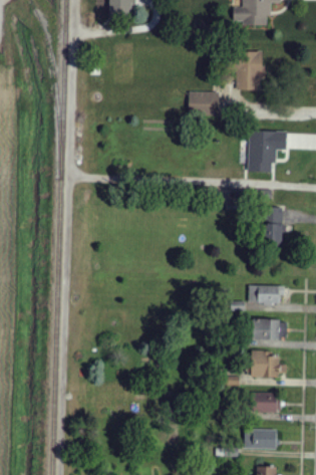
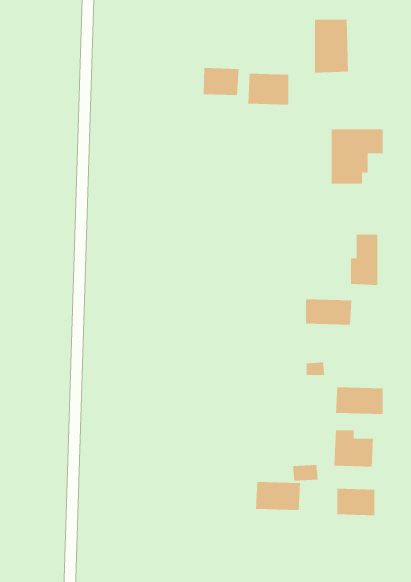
building: none -> [203,67,239,96]
building: [249,285,283,304] -> [305,299,352,325]
building: [244,429,277,450] -> [255,481,301,511]

